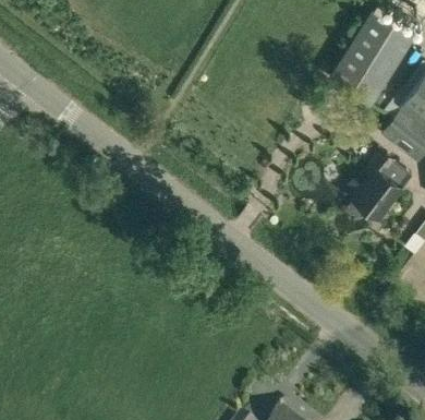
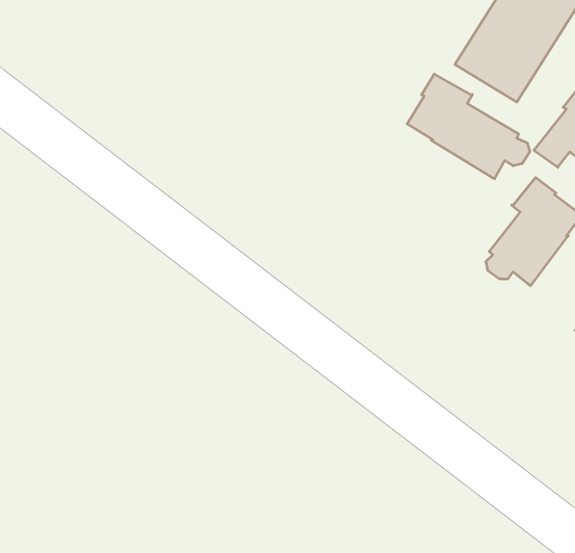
building: none -> [407,74,530,179]

